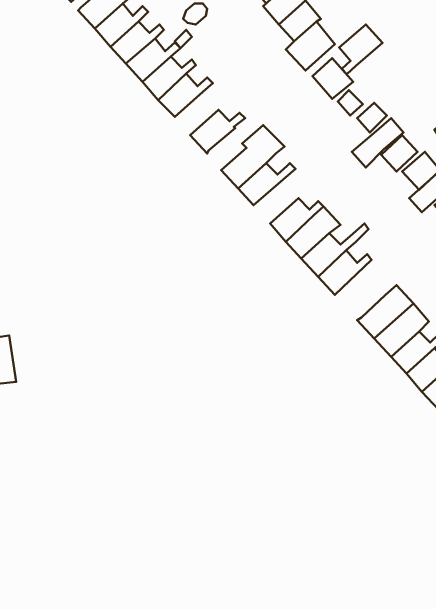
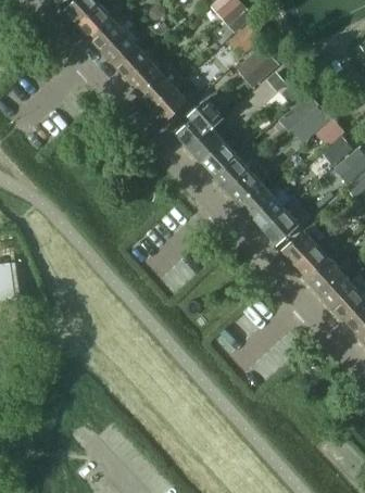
building: [339,24,383,74] -> none
building: none -> [141,75,182,109]
building: none -> [202,135,247,177]
building: none -> [265,202,311,245]

